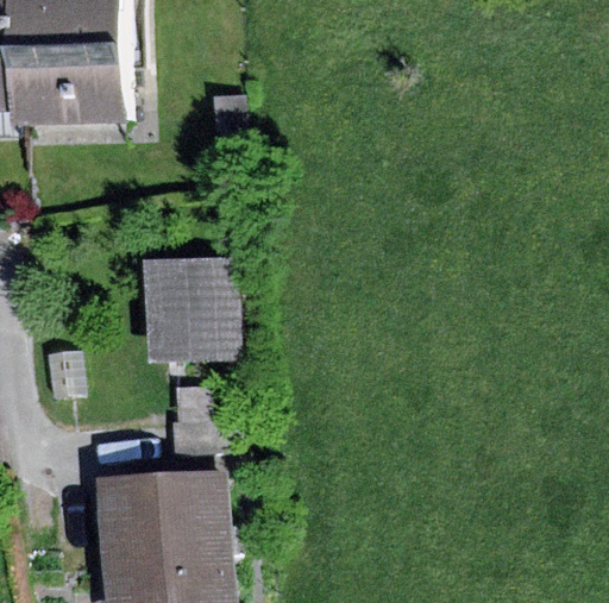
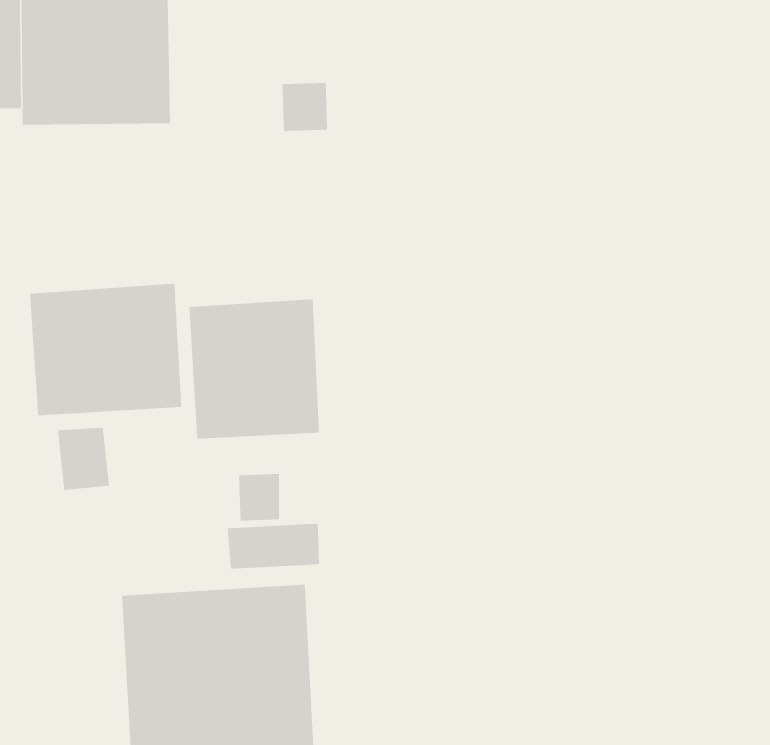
building: none -> [29,283,182,416]

